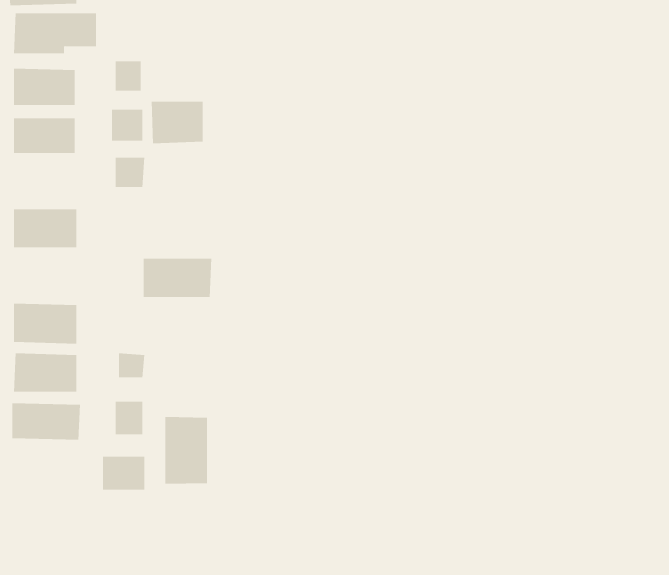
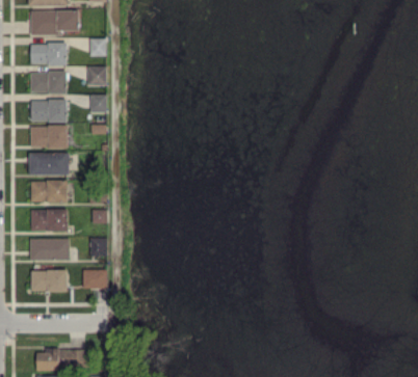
building: [151,101,203,144] -> none
building: none -> [31,100,67,122]
building: [143,258,212,297] -> [29,153,70,176]
building: [165,416,208,485] -> none
building: none -> [31,270,67,292]

